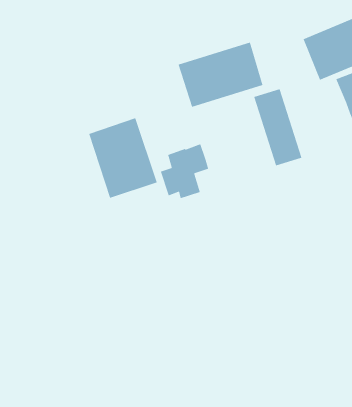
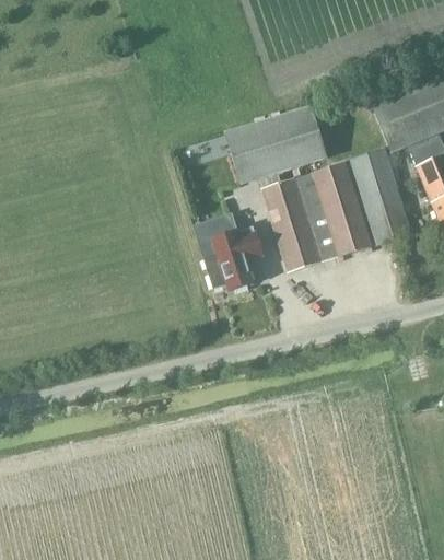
building: none -> [351,147,409,243]
building: none -> [262,177,322,270]
building: [88,117,158,199] -> none

